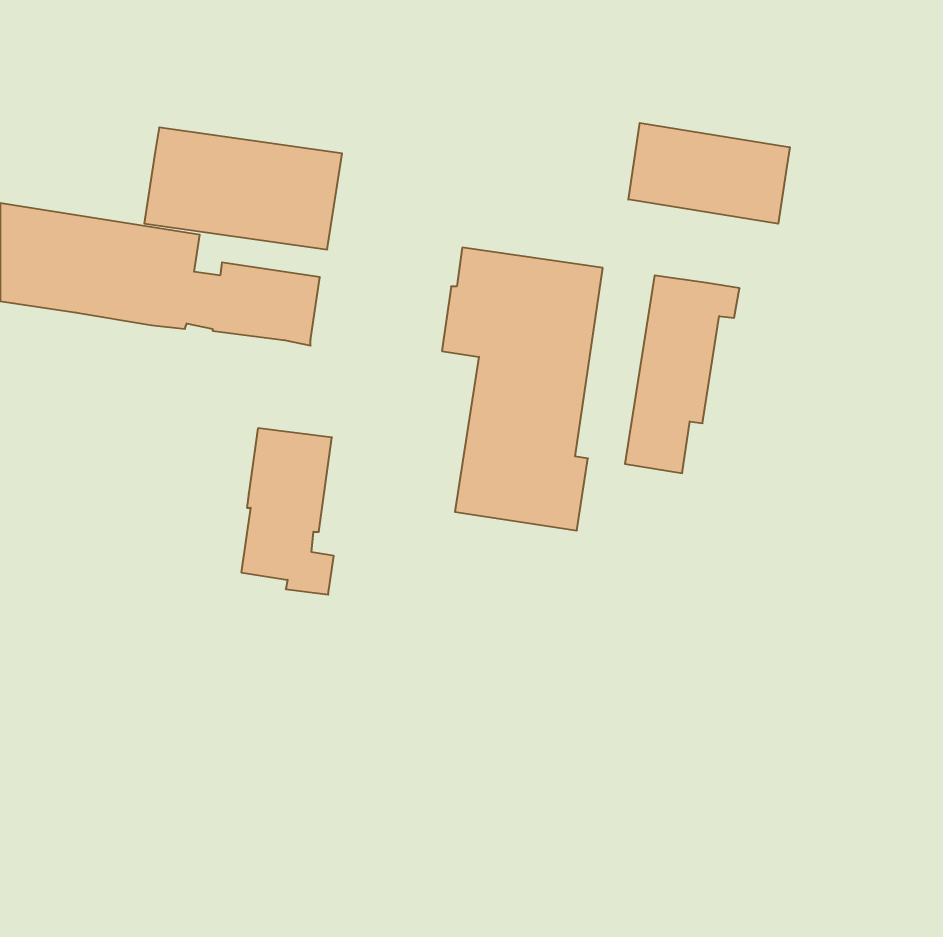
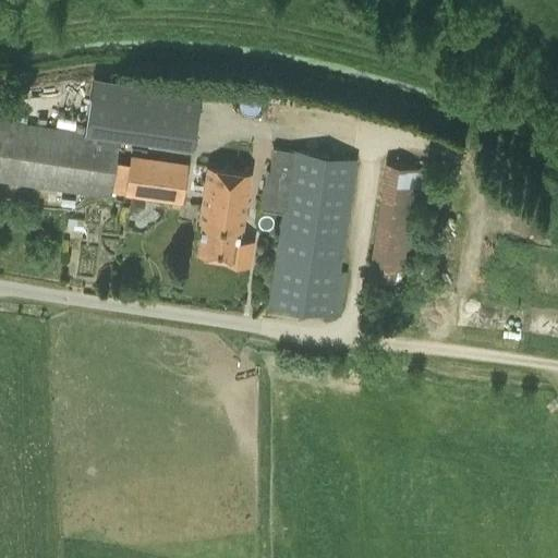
building: [628,123,790,224] -> none
building: [241,428,334,595] -> [197,169,252,267]

